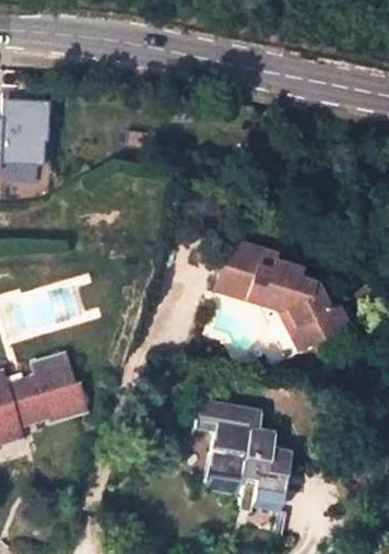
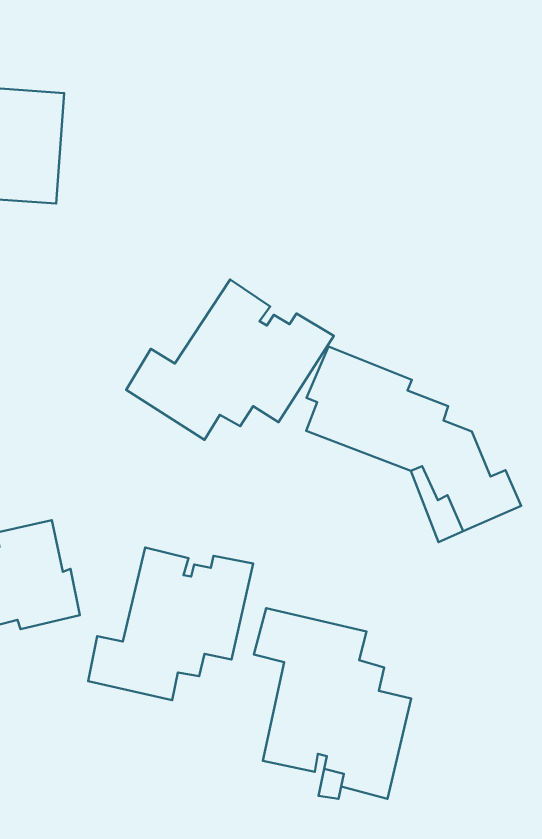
building: none -> [126,280,334,440]
building: none -> [88,547,253,700]

